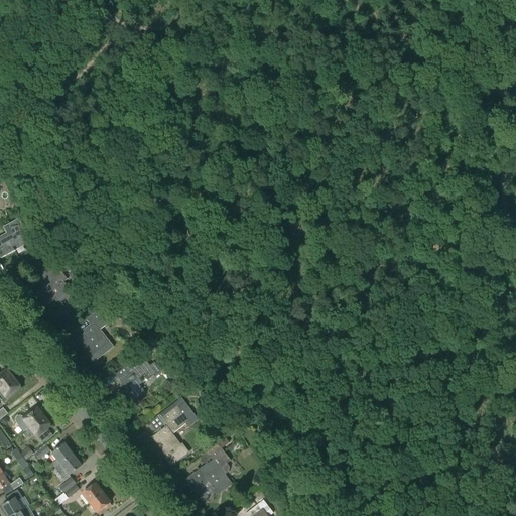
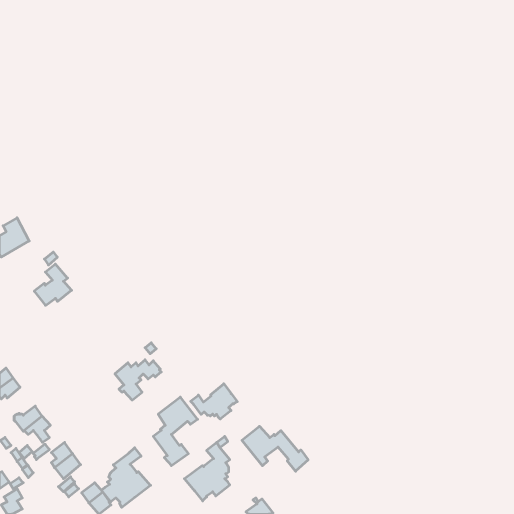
building: [76,308,115,356] -> none
building: none -> [191,384,237,419]
building: none -> [242,426,308,471]
building: none -> [102,448,151,507]

